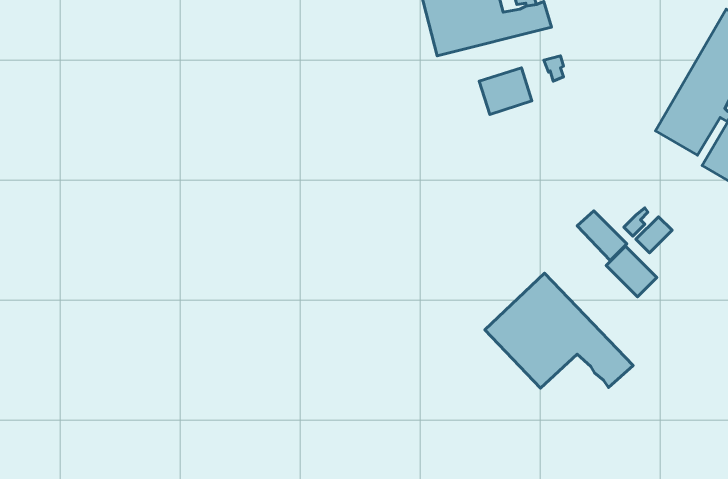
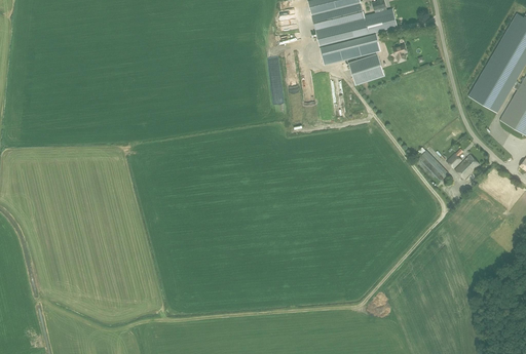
building: none -> [322,37,381,65]
building: [606,246,657,297] -> none
building: [485,273,633,388] -> none

